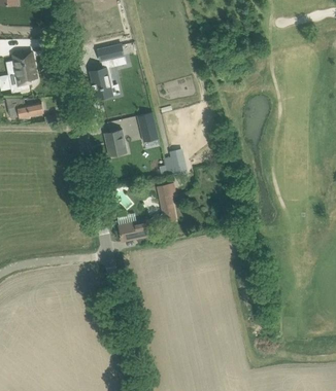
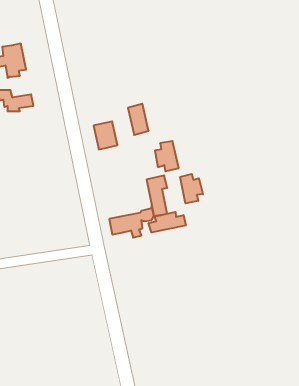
building: [90,44,124,99] -> none
building: none -> [180,174,203,203]
building: none -> [149,212,186,232]

